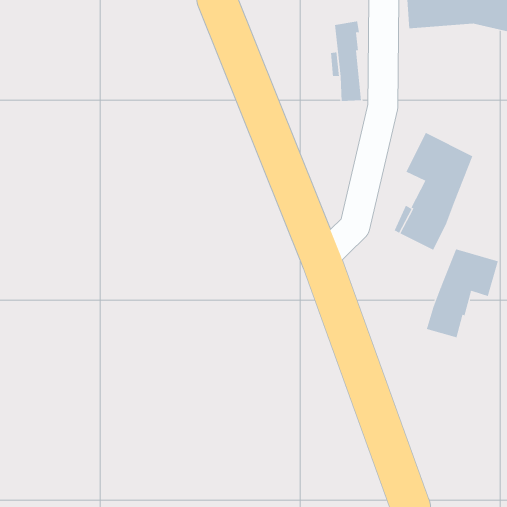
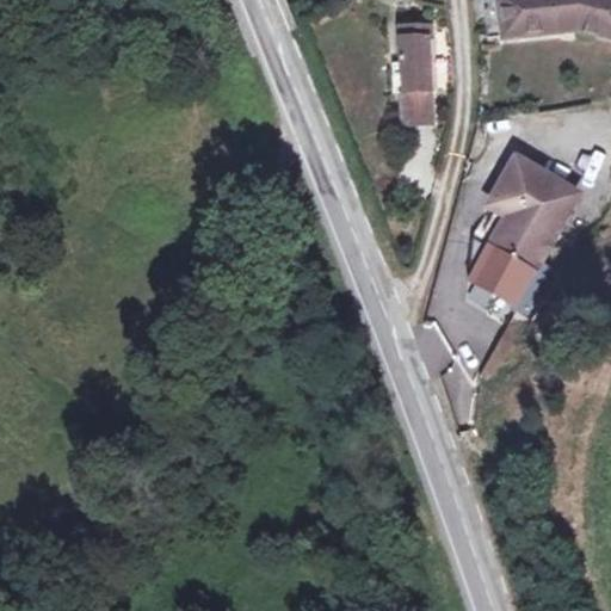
building: [426,248,499,338] -> none

